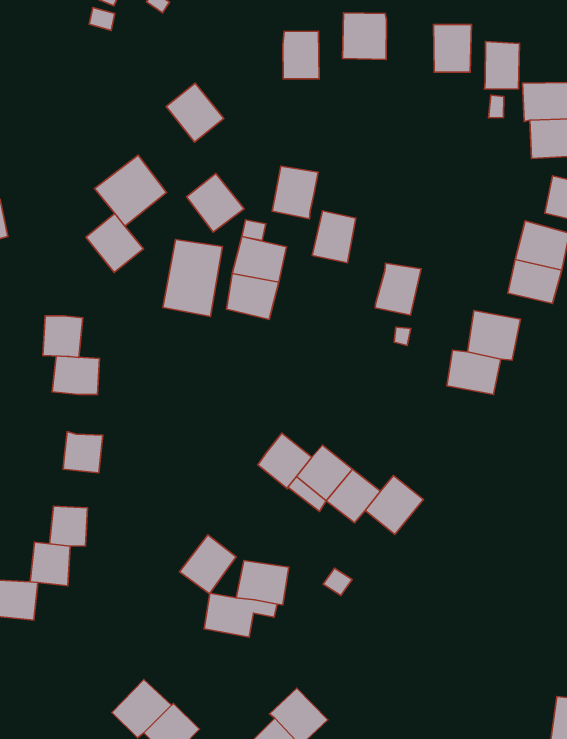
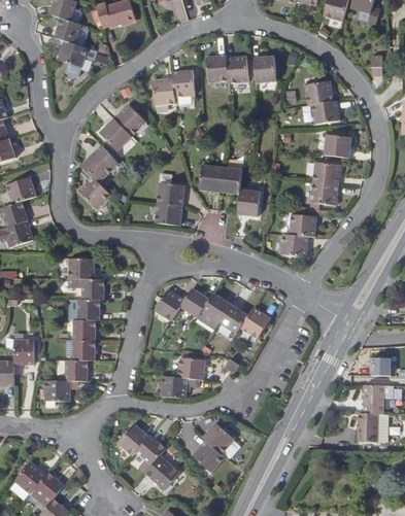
building: [484,42,520,89] -> [227,56,247,82]
building: none -> [151,76,174,104]
building: [272,166,318,219] -> [220,166,242,193]
building: [187,173,244,232] -> [98,116,130,148]
building: [163,239,222,316] -> none
building: [43,316,83,357] -> [81,276,102,299]
building: none -> [74,318,93,339]
building: [179,535,236,594] -> [157,287,187,319]

